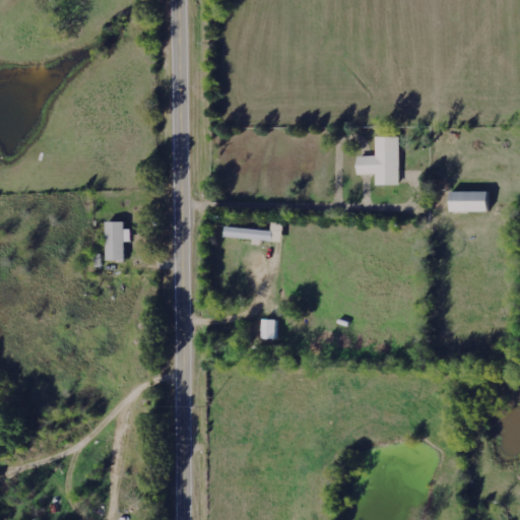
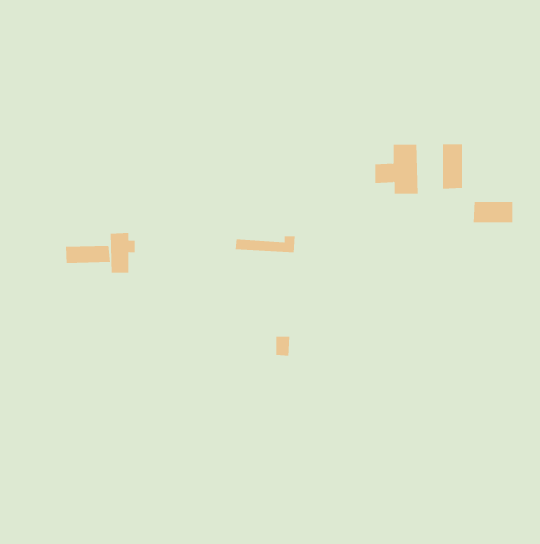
building: none -> [442,143,462,190]
building: none -> [66,245,110,264]

